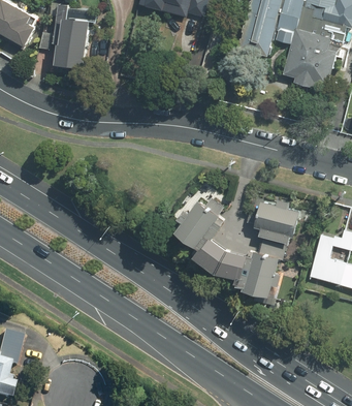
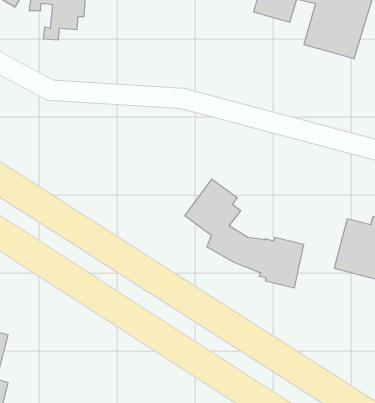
building: [254,196,301,242] -> none

